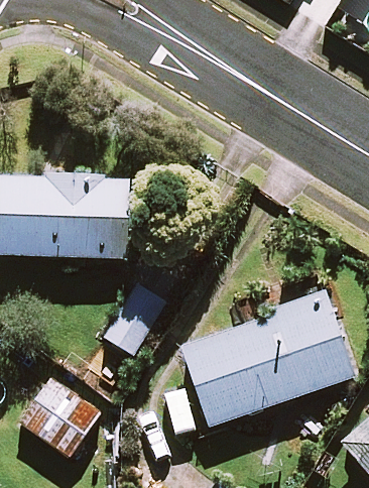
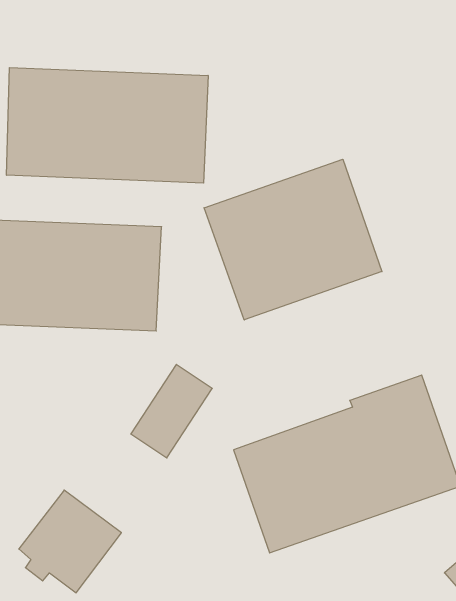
building: none -> [7,68,208,183]
building: none -> [204,159,382,320]

